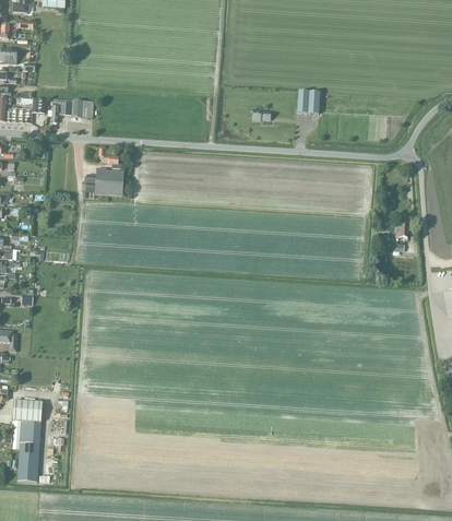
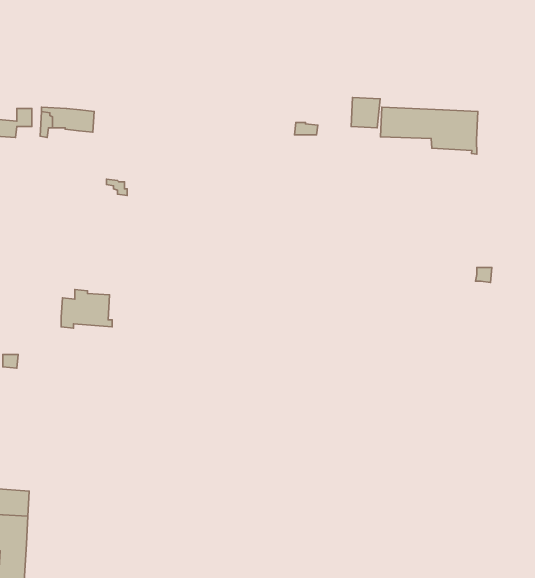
building: none -> [381,107,478,154]
building: [85,167,126,198] -> [61,289,112,328]

